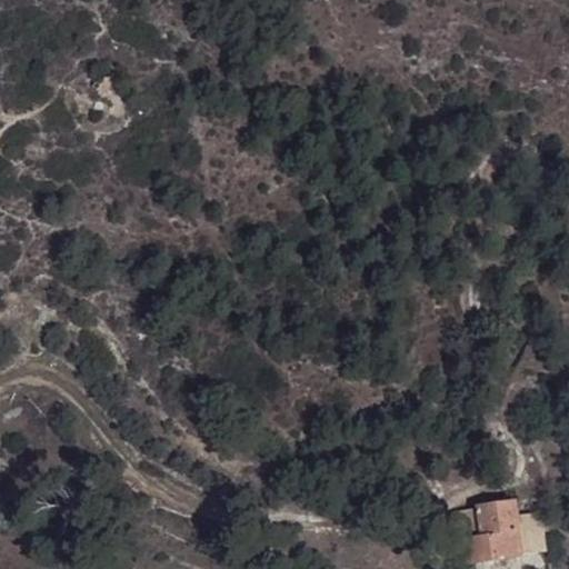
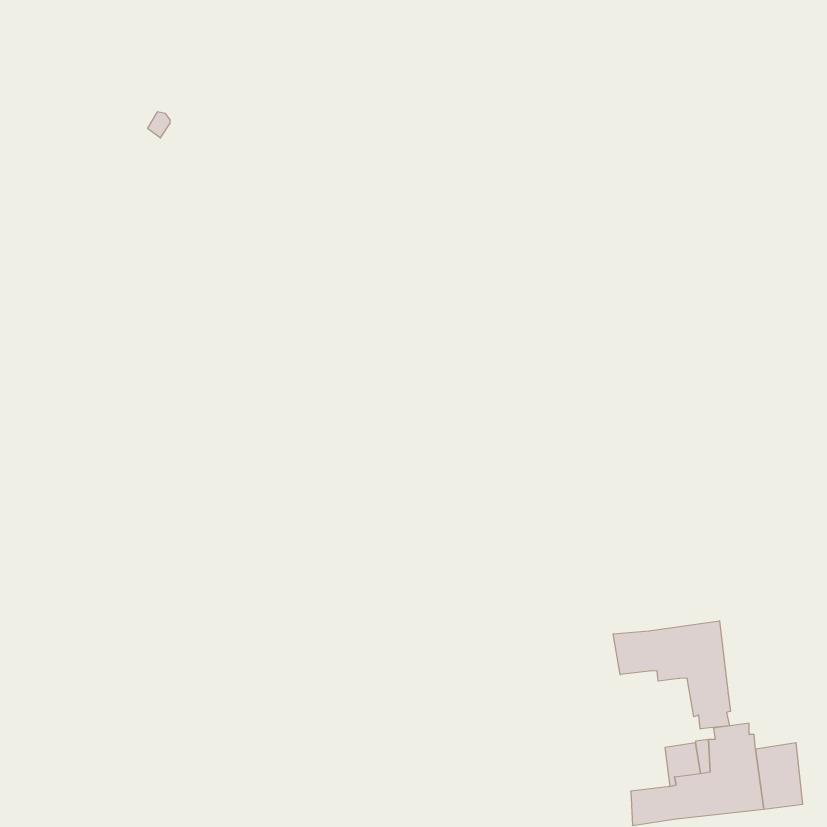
building: none -> [613,621,730,729]

